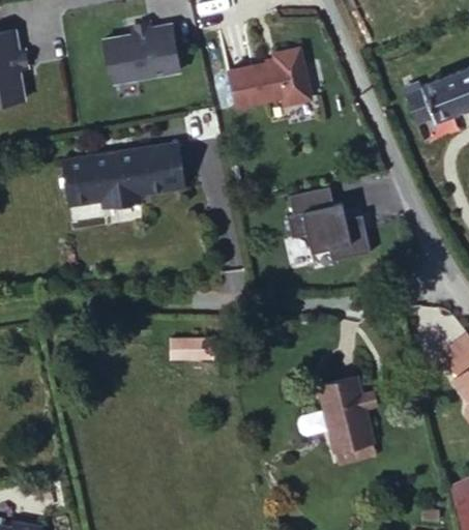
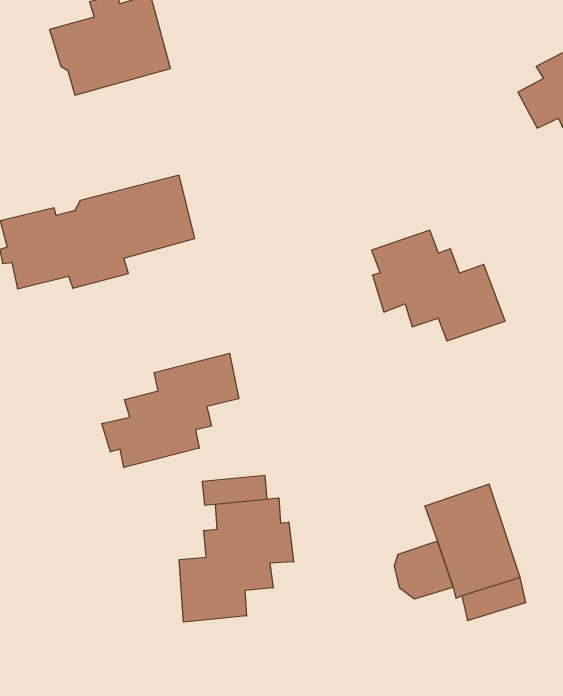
building: [227,45,307,105] -> none
building: none -> [102,353,239,468]
building: none -> [179,498,294,622]

